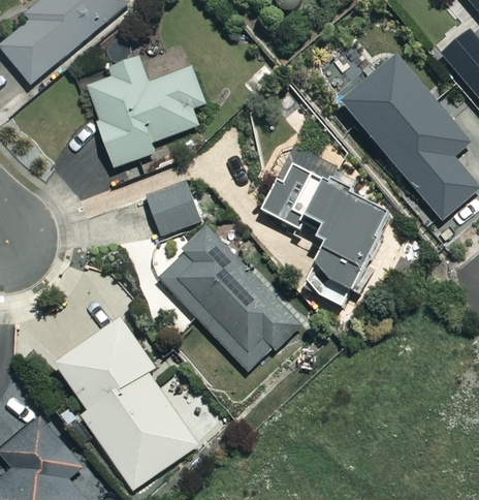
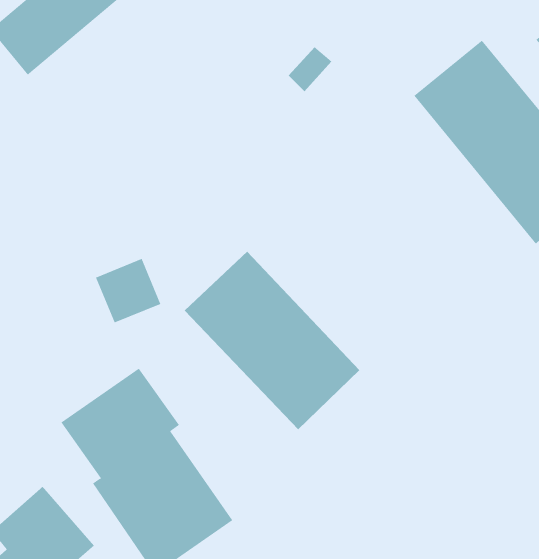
building: [76,58,204,167] -> none
building: [261,162,388,287] -> none
building: [147,183,200,236] -> [95,258,161,323]

